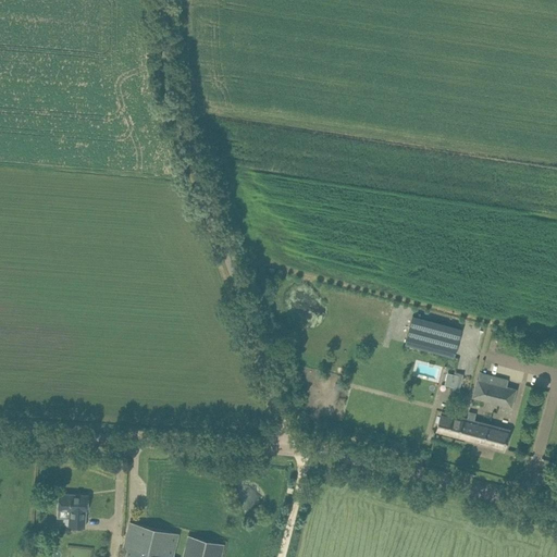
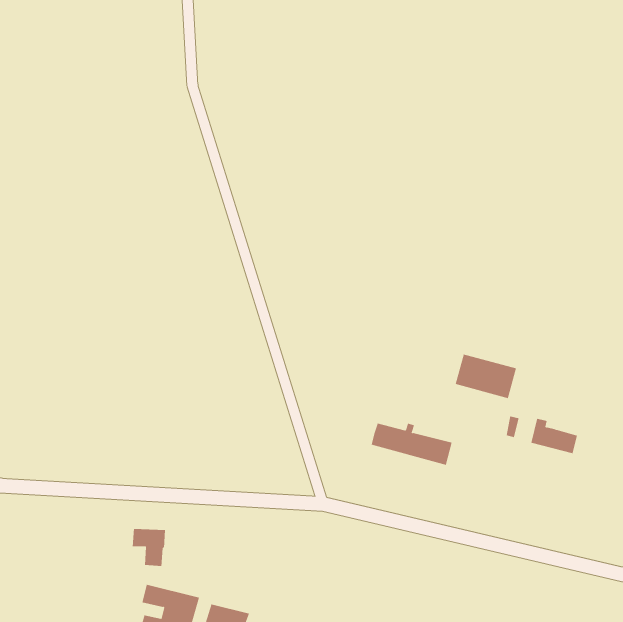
building: [436,412,509,450] -> [371,423,453,466]
building: [58,494,88,528] -> [132,529,166,566]

